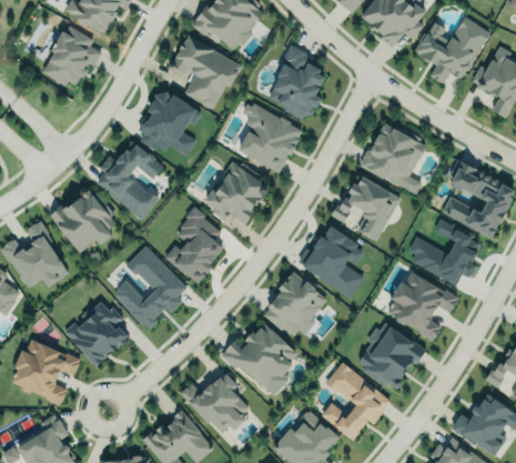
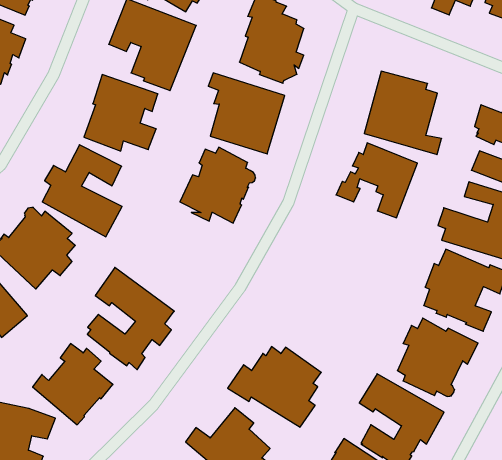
building: [165,205,223,283] -> none
building: [302,221,362,294] -> none
building: [265,271,327,335] -> none

